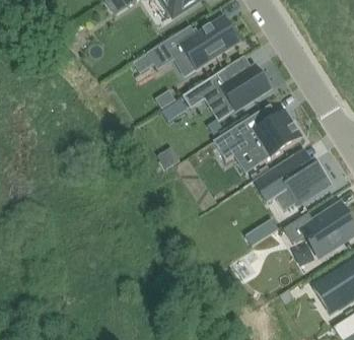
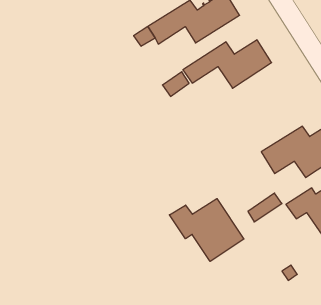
building: [214,104,301,163] -> none
building: none -> [169,199,244,261]

